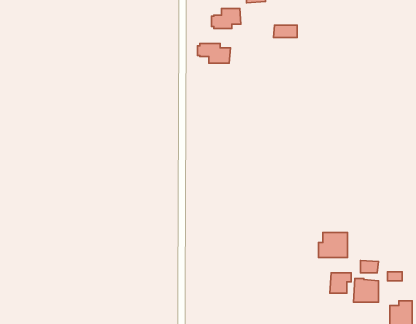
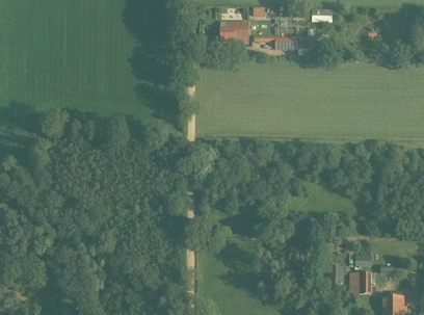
building: [197,44,230,63] -> none
building: [318,233,347,258] -> none

